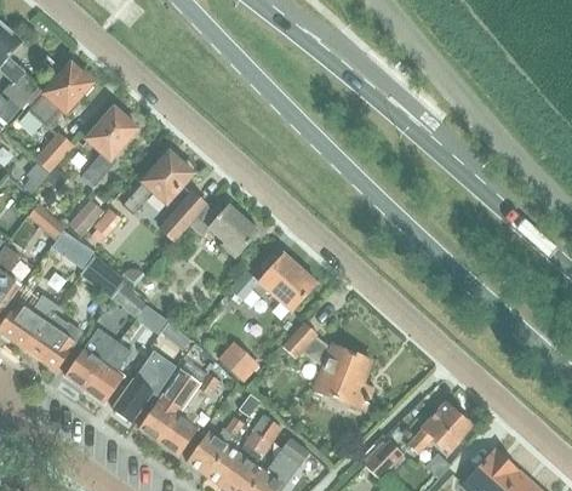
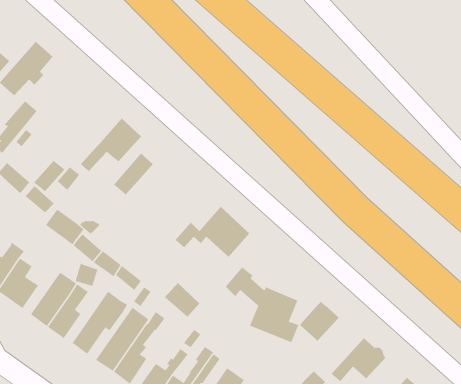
building: [81,108,137,187] -> none
building: [188,204,258,258] -> none
building: none -> [299,301,339,342]

